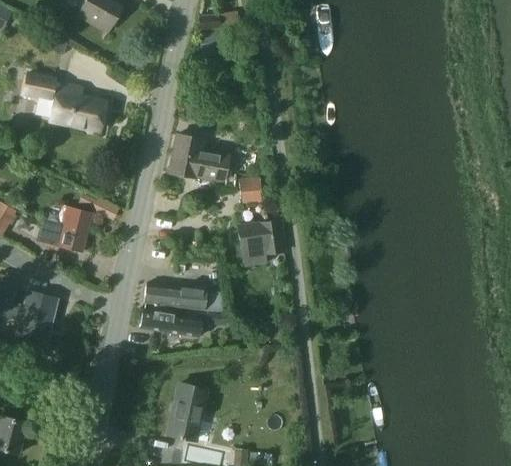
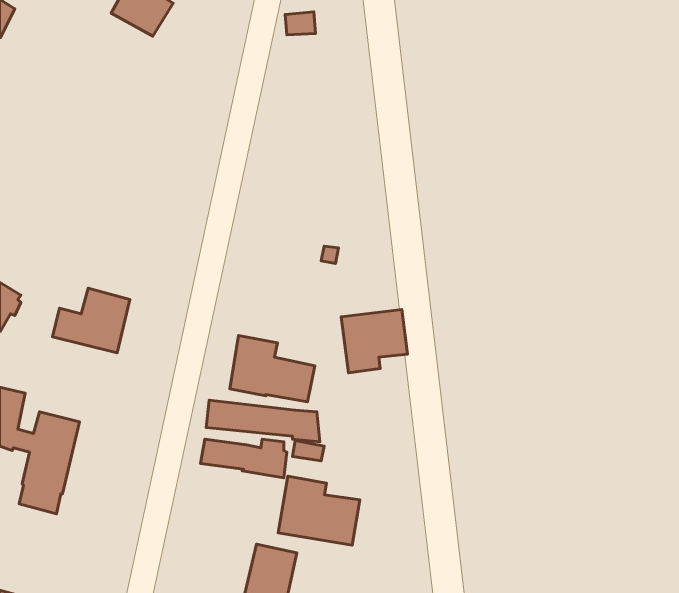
building: [20,70,105,129] -> none
building: [169,134,228,180] -> [230,336,315,402]
building: [238,177,262,204] -> none
building: none -> [278,476,360,545]

